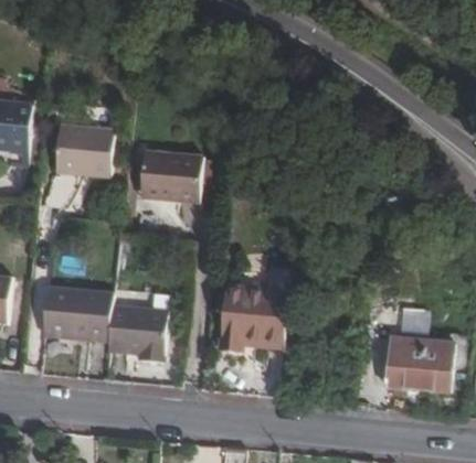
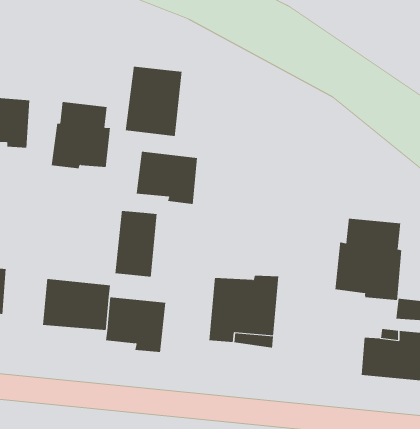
building: none -> [125,66,182,137]
building: none -> [115,210,157,277]
building: none -> [335,218,402,301]

